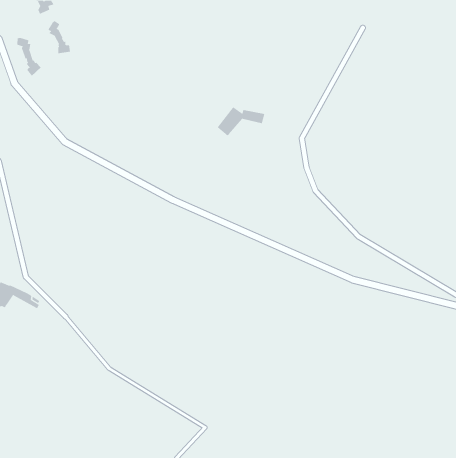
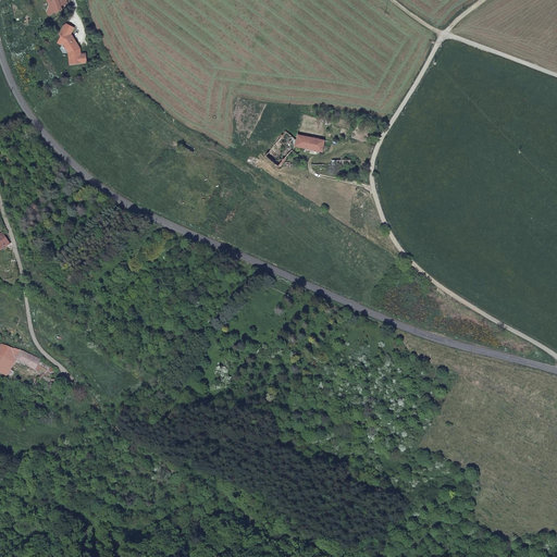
building: [17,37,42,77] -> none

